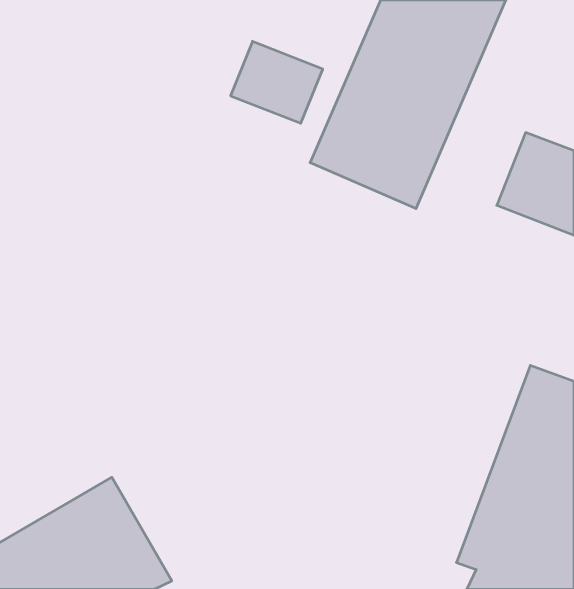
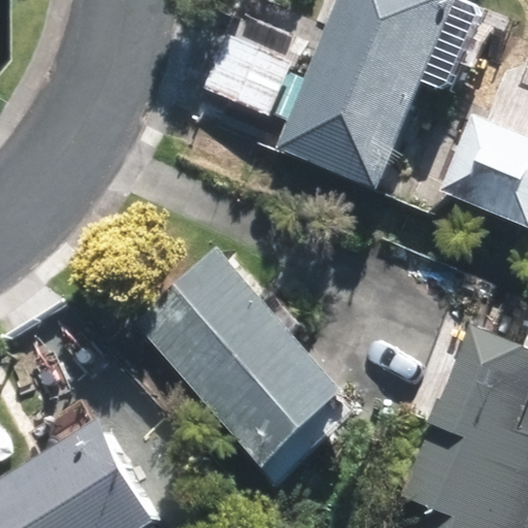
building: none -> [140,253,341,460]

